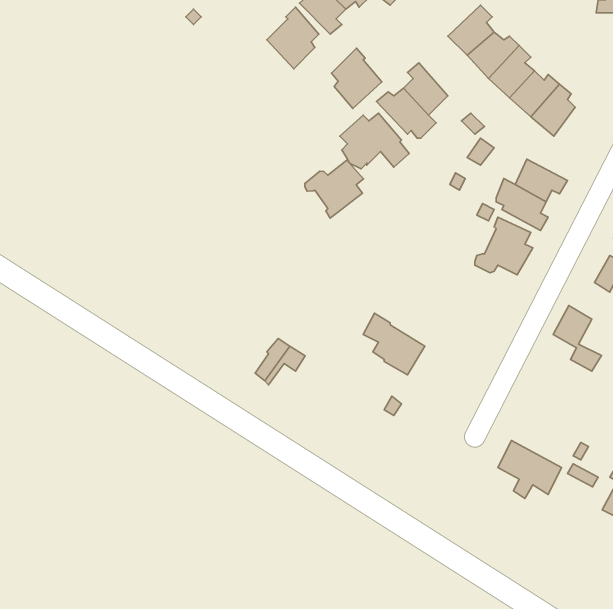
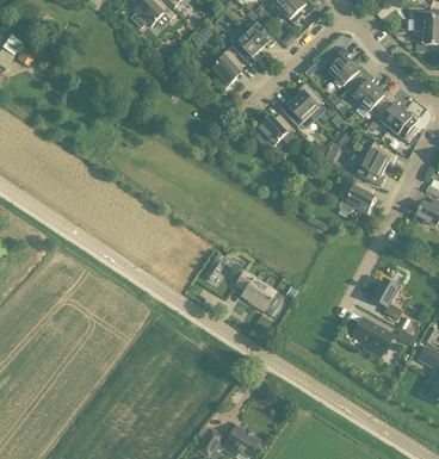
building: [331,48,382,108] -> none
building: none -> [388,110,419,142]
building: [305,160,364,218] -> none
building: [553,306,601,371] -> [371,280,401,321]
building: [363,313,425,375] -> [235,271,273,309]

